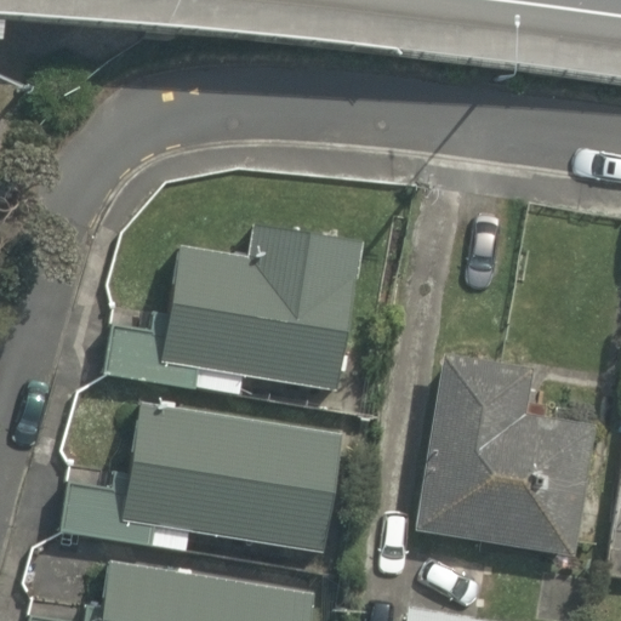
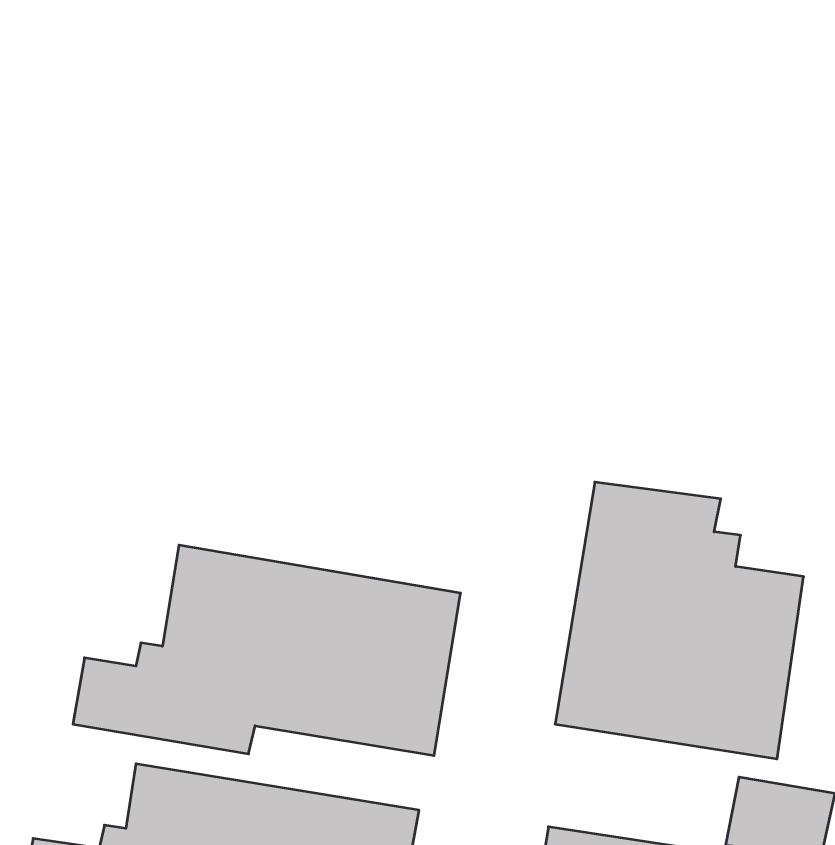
building: [102,224,364,395] -> none

